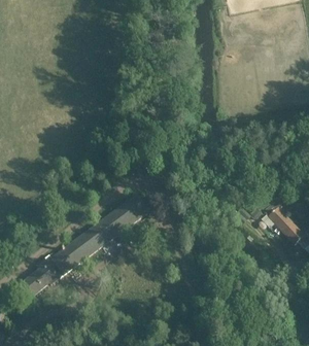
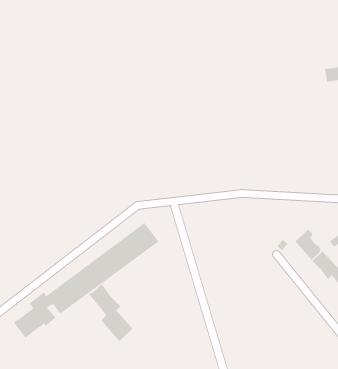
building: none -> [88,284,133,342]

